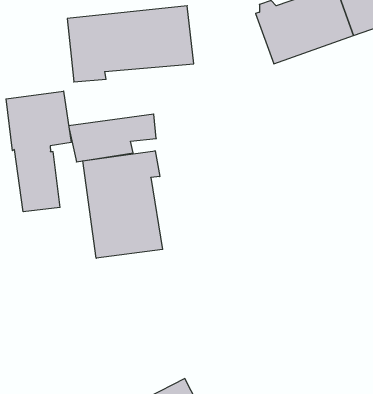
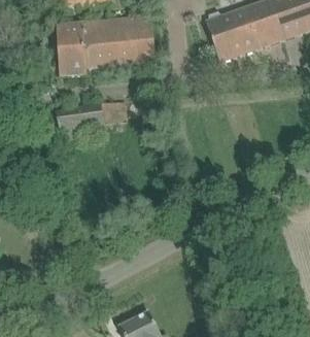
building: [6,91,71,212] -> none
building: [83,151,163,258] -> none

